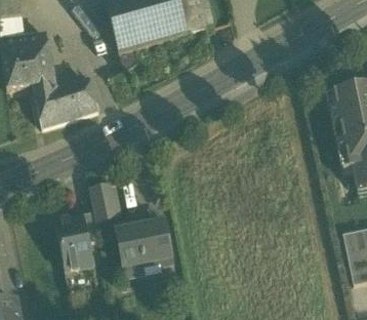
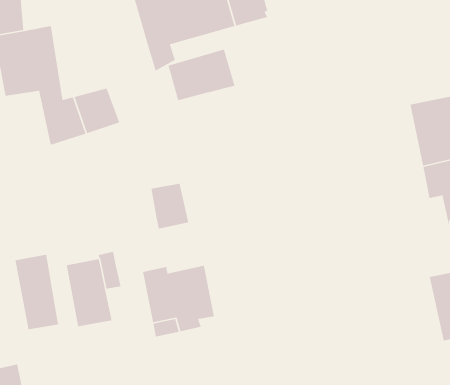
building: none -> [167,49,235,101]
building: [89,184,120,221] -> [150,183,189,229]
building: none -> [15,254,59,330]

